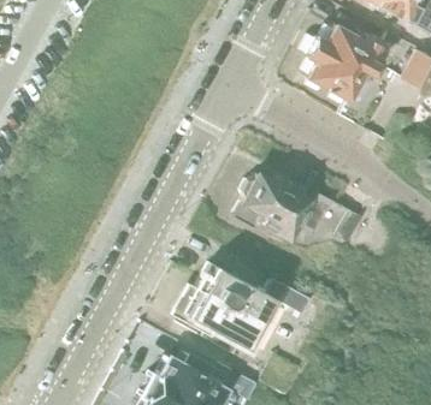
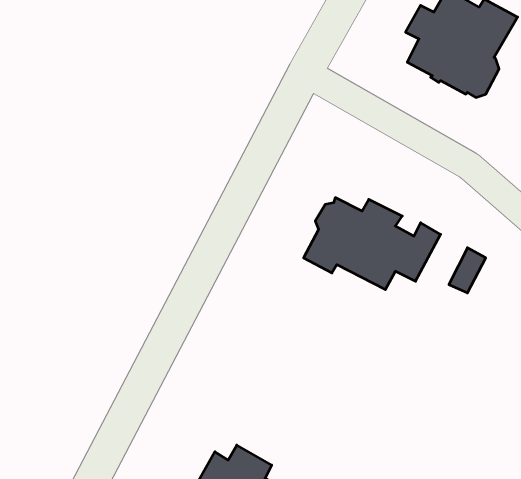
building: [184,264,311,353] -> none

